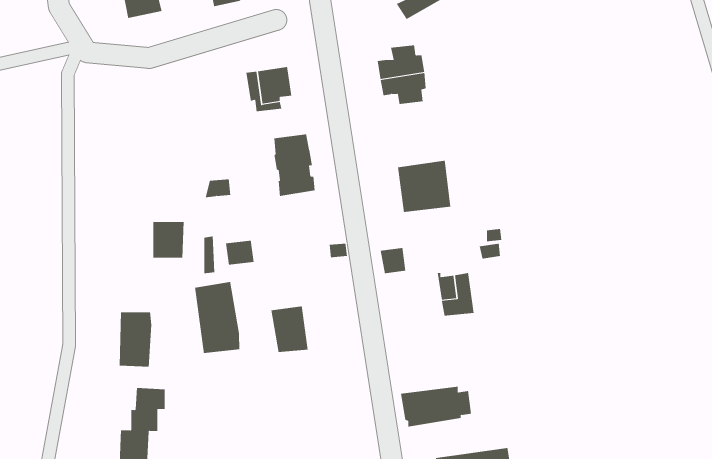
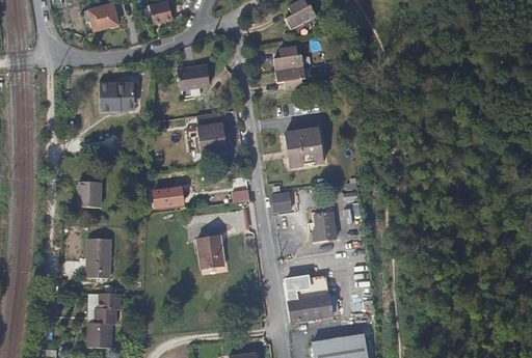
building: none -> [102,83,136,109]
building: [152,222,184,258] -> [77,181,100,206]
building: [195,281,240,354] -> none
building: none -> [285,276,328,296]

